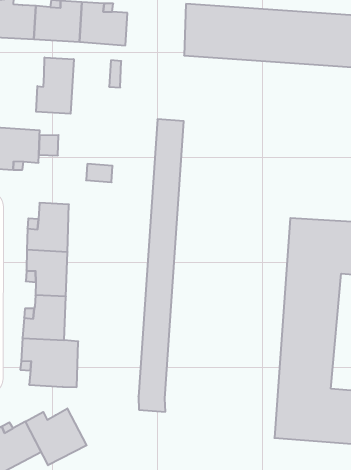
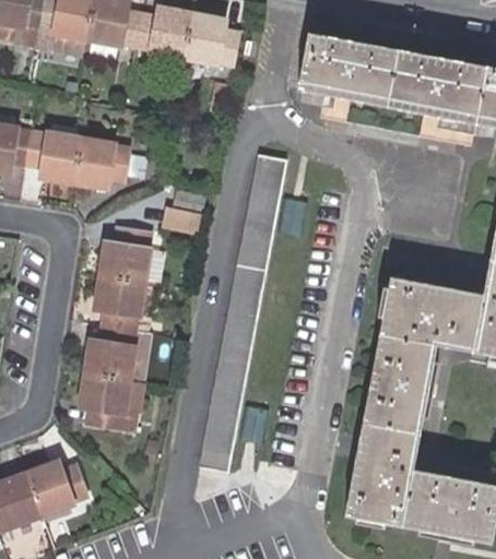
building: [36,57,74,114] -> none
building: [25,408,87,465] -> none

